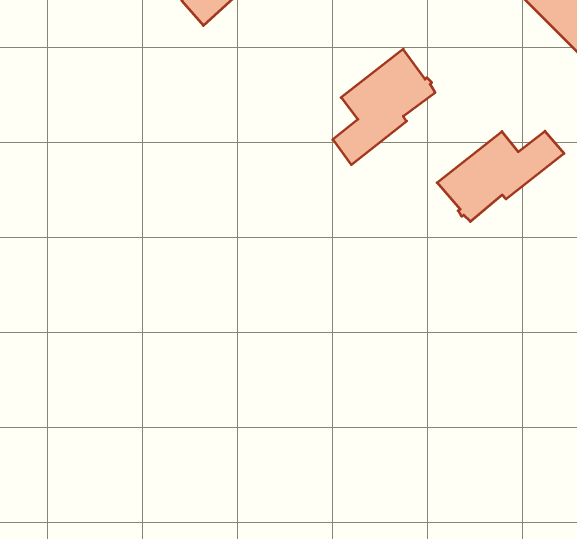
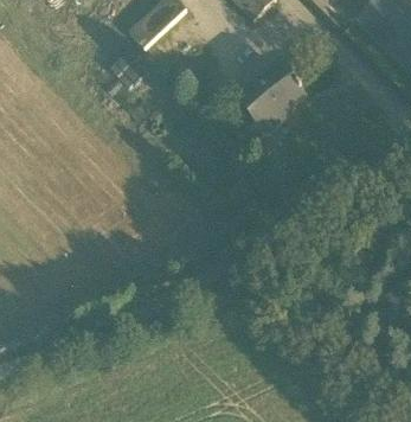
building: [437,131,564,222] -> none

